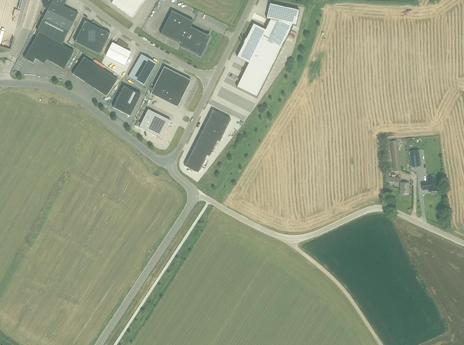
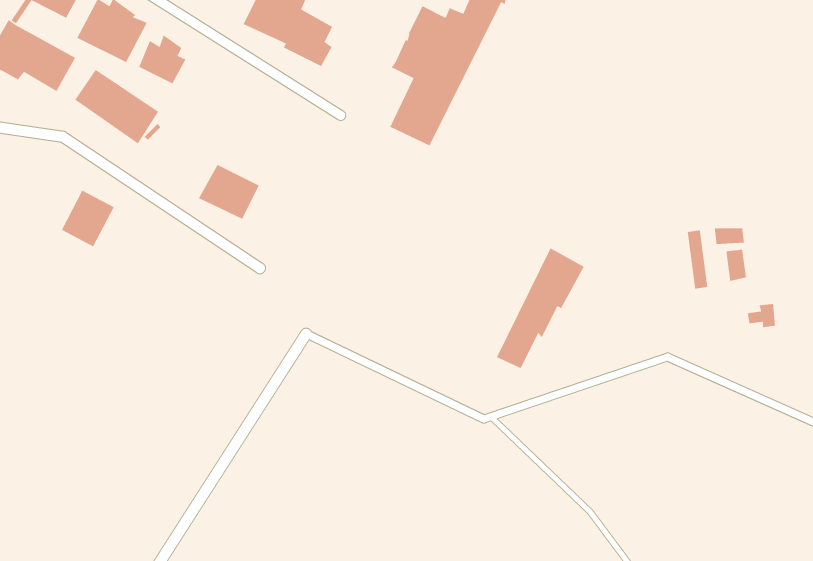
building: [128,53,157,84] -> none
building: [151,65,191,105] -> none
building: [113,85,141,115] -> [61,189,115,247]
building: [185,108,231,171] -> [496,247,585,369]

